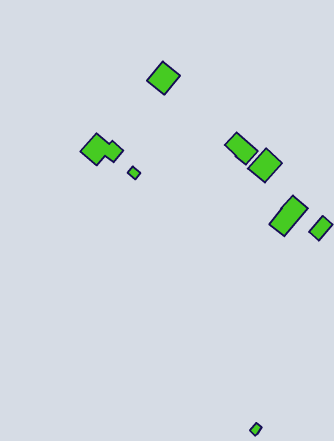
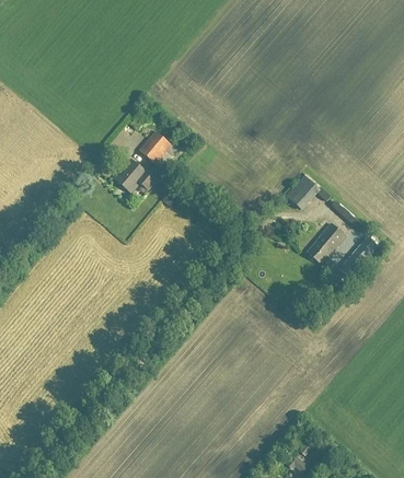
building: [147,61,180,95] -> [139,130,173,164]
building: [225,132,258,165] -> none

